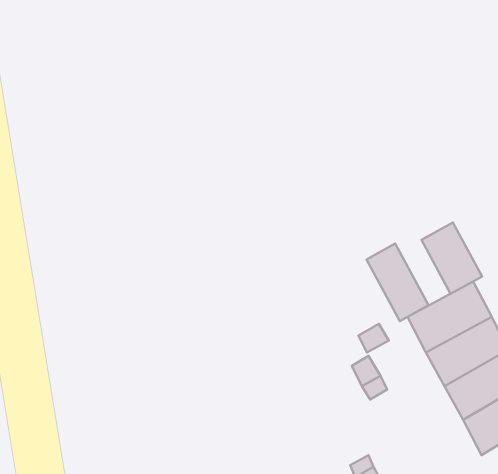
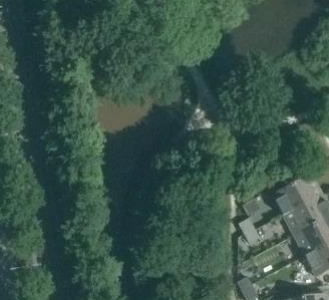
building: [422,222,482,294] -> none
building: [366,244,428,321] -> none

